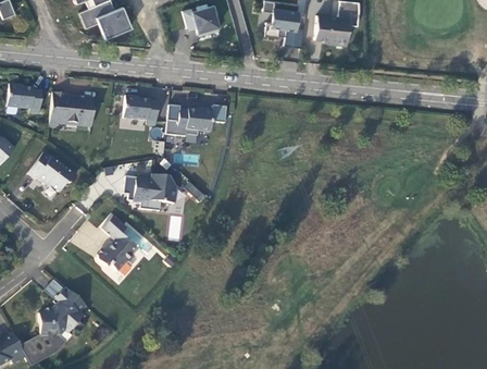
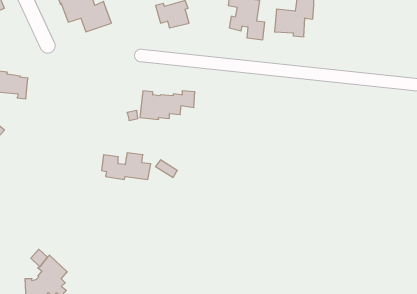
building: [49,91,93,127] -> none
building: [123,95,158,124] -> none
building: [27,151,75,190] -> none
building: [98,216,136,271] -> none

